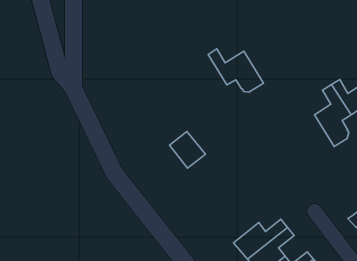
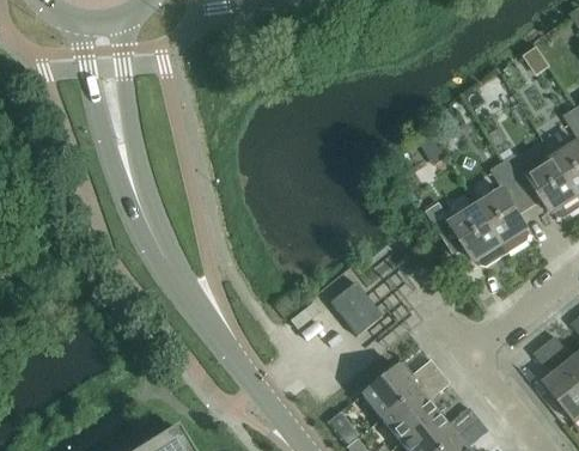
building: [208,49,264,92] -> [426,201,507,264]
building: [170,131,206,168] -> [329,280,382,334]

